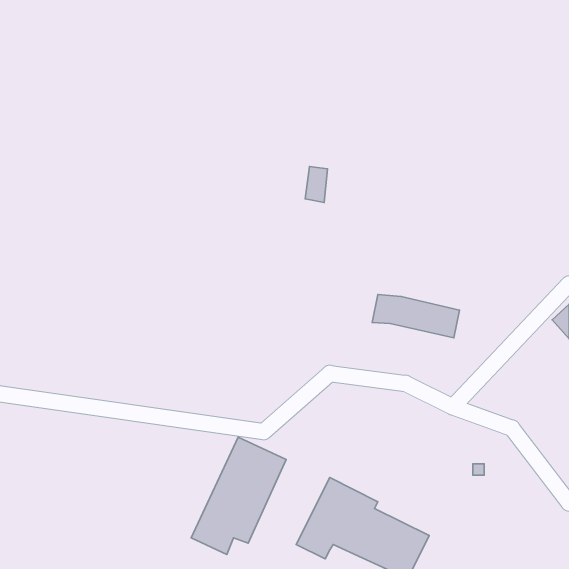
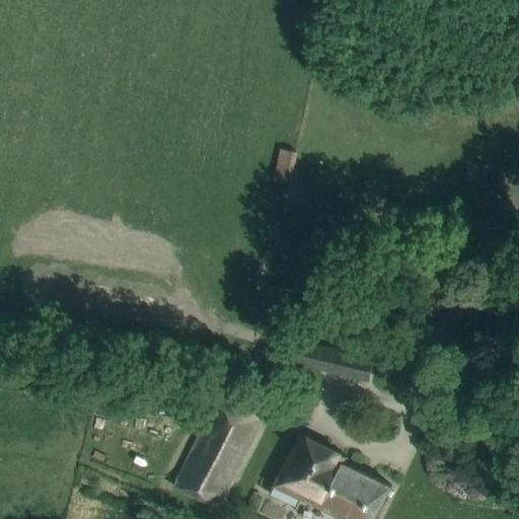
building: [372,294,459,338] -> [294,345,373,384]

